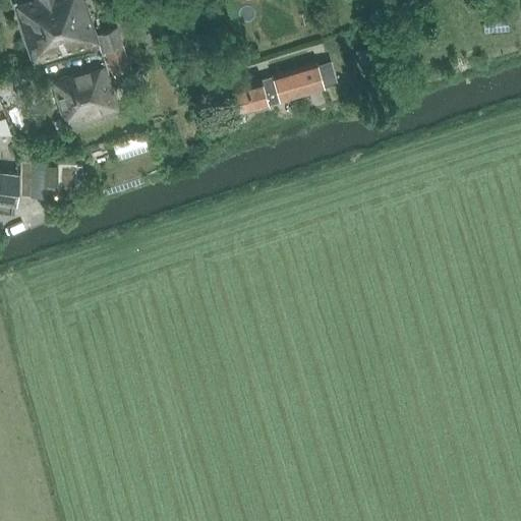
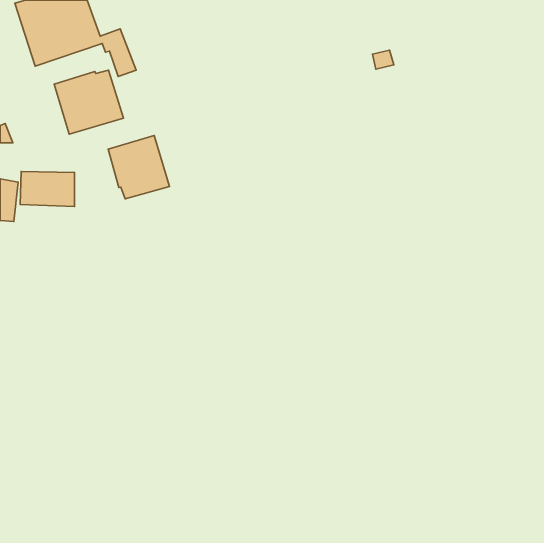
building: [227,61,337,115] -> none
building: none -> [108,135,169,199]

